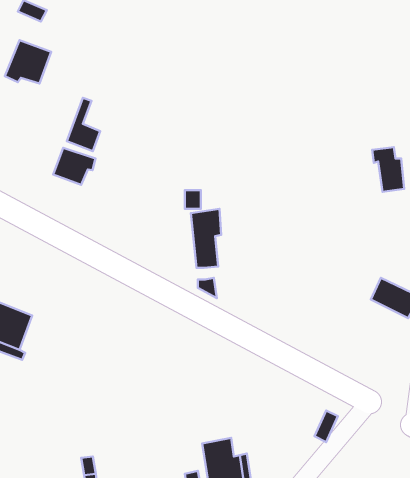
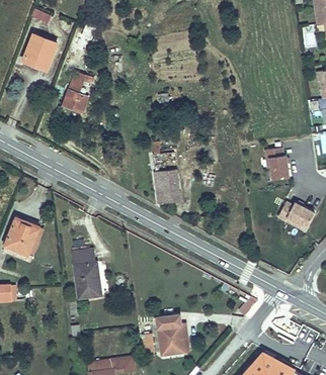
building: [372,147,404,192] -> [264,146,287,177]
building: [53,148,96,185] -> none
building: none -> [76,250,105,299]

